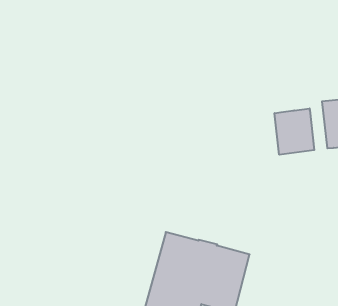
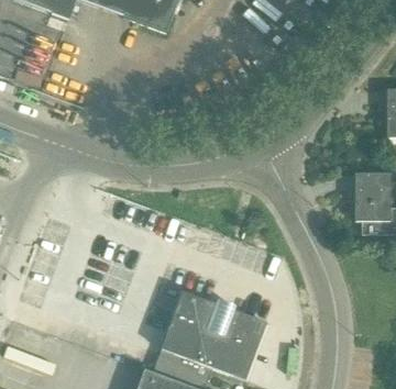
building: [275,108,314,155] -> none

